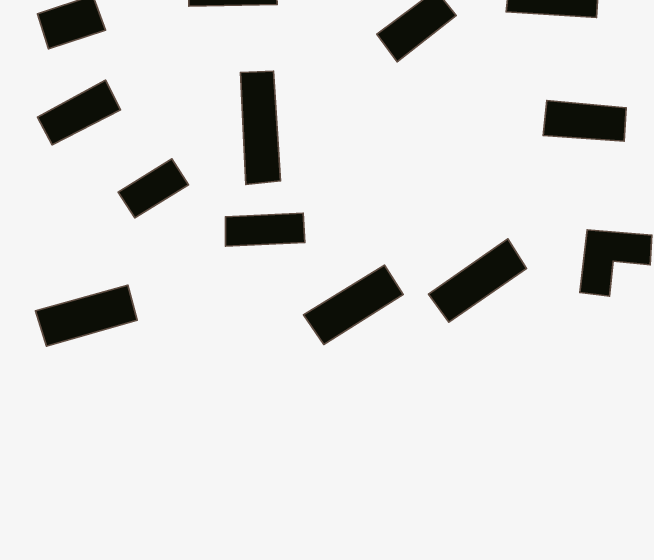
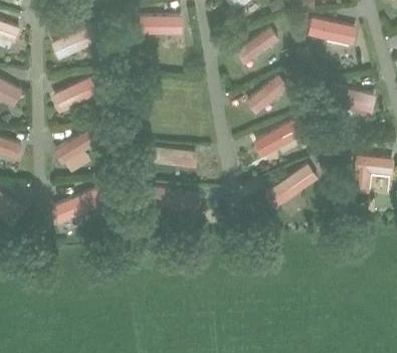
building: [240,71,281,184] -> none
building: none -> [246,73,287,114]
building: [118,159,188,218] -> [54,131,92,163]
building: [303,265,403,344] -> [252,115,307,158]

